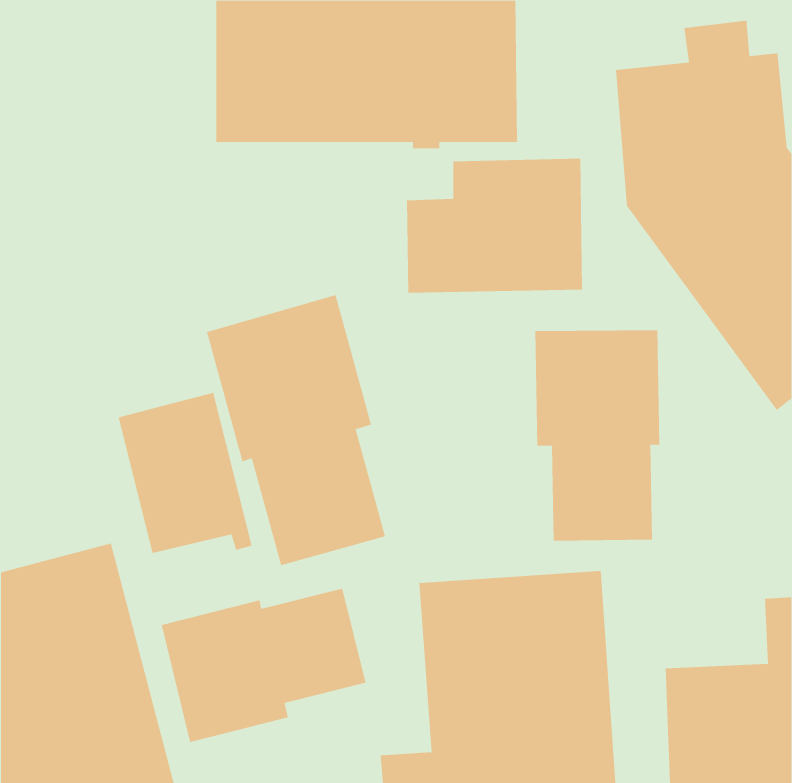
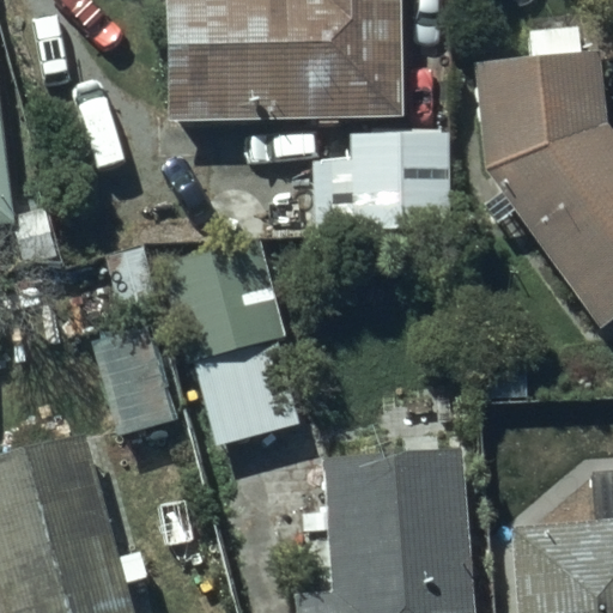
building: [535,330,660,542] -> none
building: [161,588,366,743] -> none

